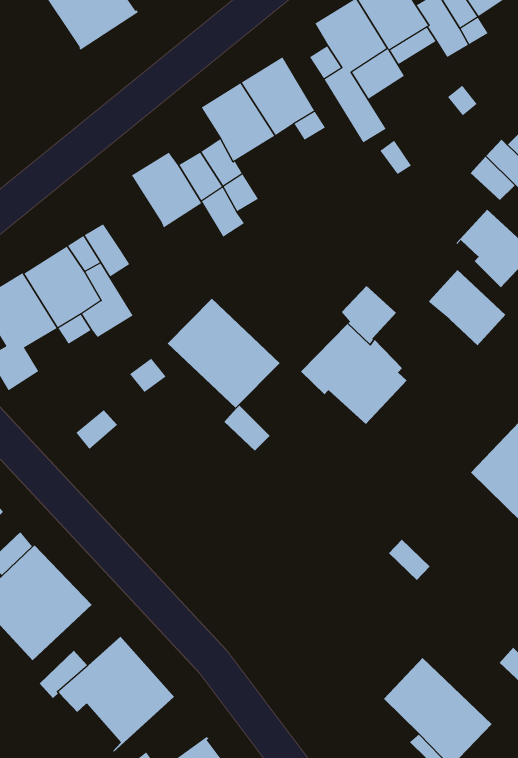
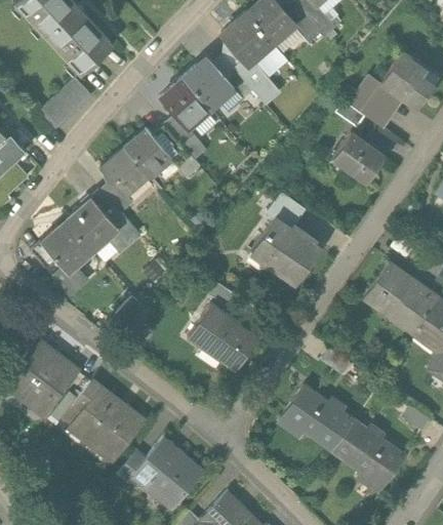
building: none -> [39,78,91,129]
building: none -> [102,149,148,195]
building: [428,269,506,346] -> none
building: [167,298,280,409] -> [186,302,258,369]
building: none -> [283,385,354,449]

